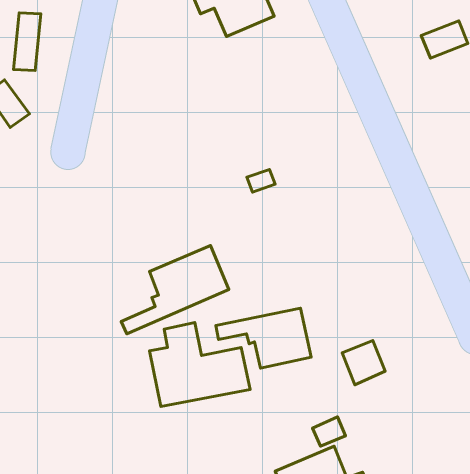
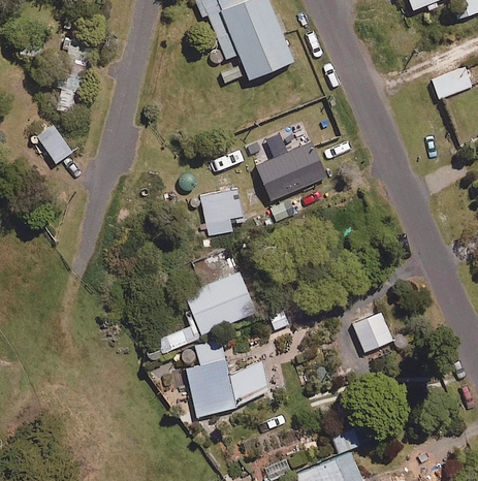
building: none -> [254,141,325,201]
building: none -> [200,188,245,236]
building: [216,308,311,368] -> none
building: [342,340,385,385] -> [352,312,391,352]

